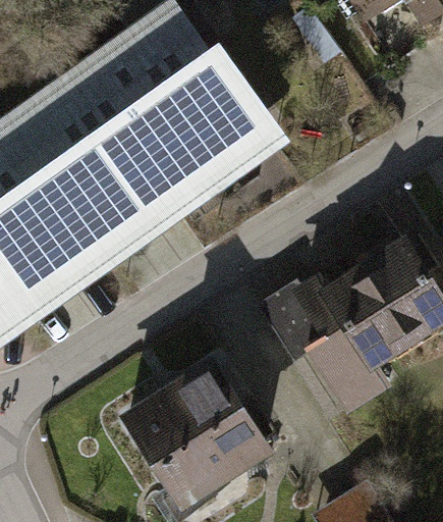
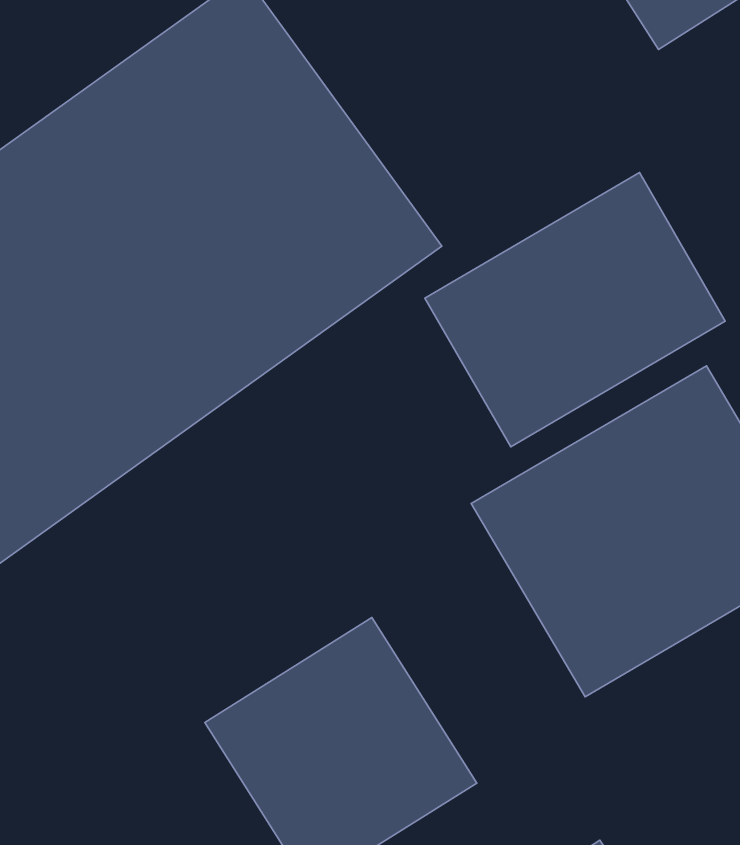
building: none -> [425,172,725,447]

